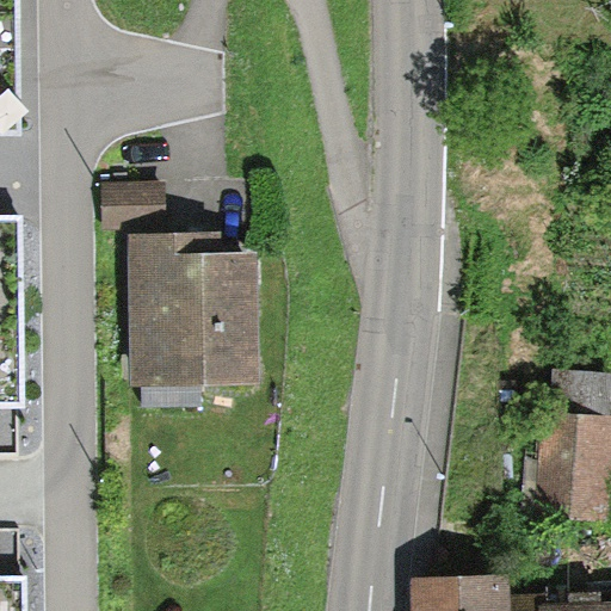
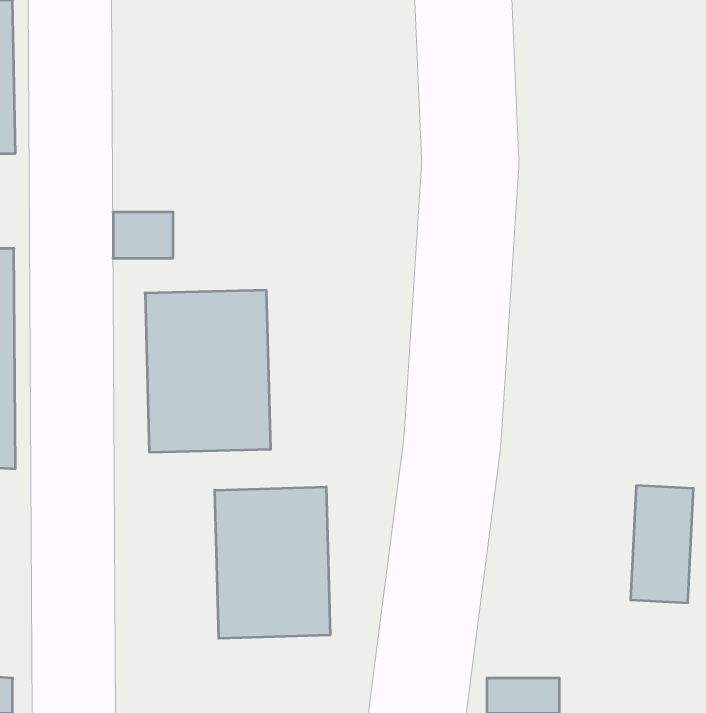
building: none -> [215,487,330,638]

